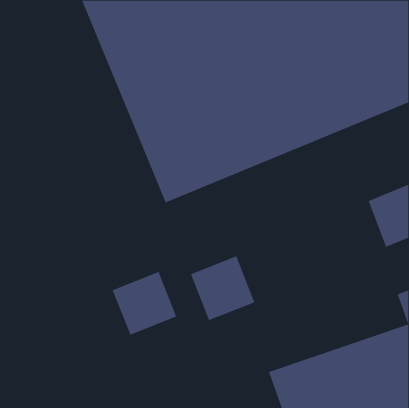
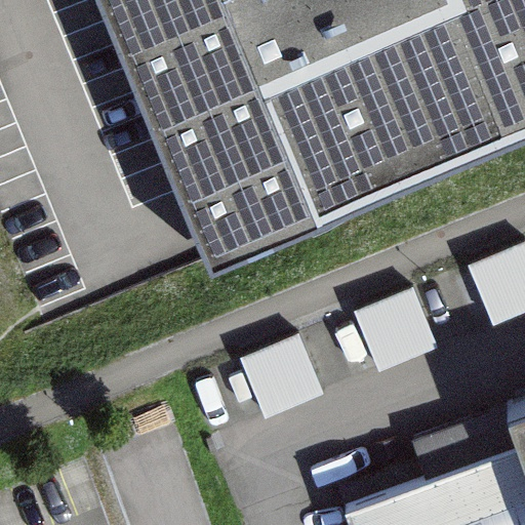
building: none -> [354,283,439,368]
building: [112,271,177,335] -> none

